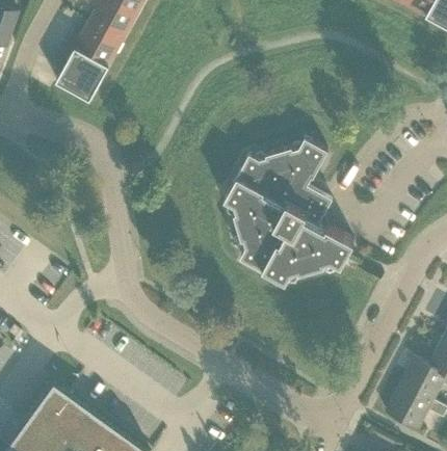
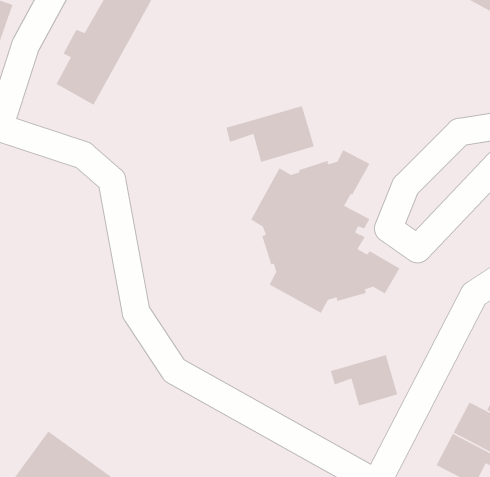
building: none -> [225,105,315,163]
building: none -> [330,354,398,407]

